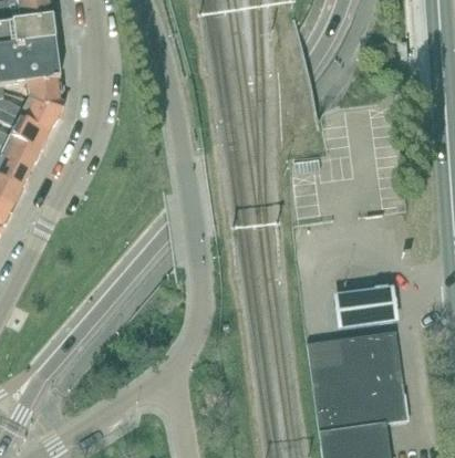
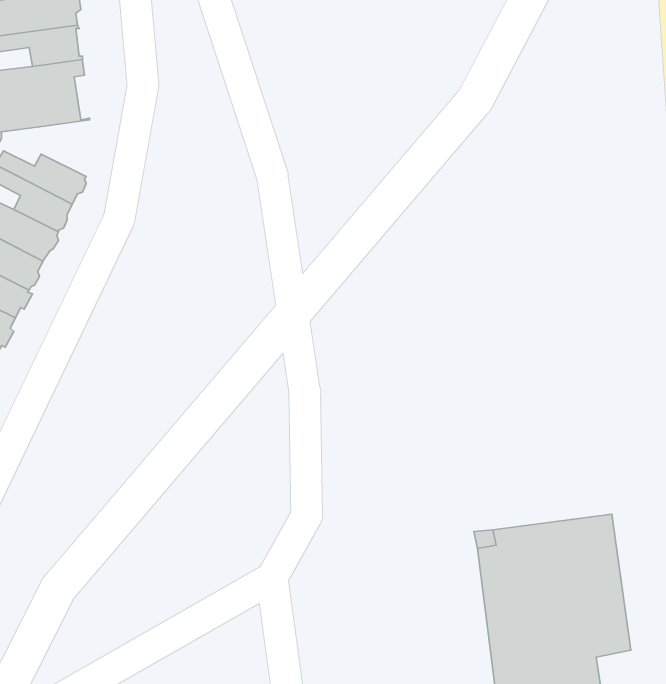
building: [27,77,64,115] -> none
building: [332,289,399,334] -> none

